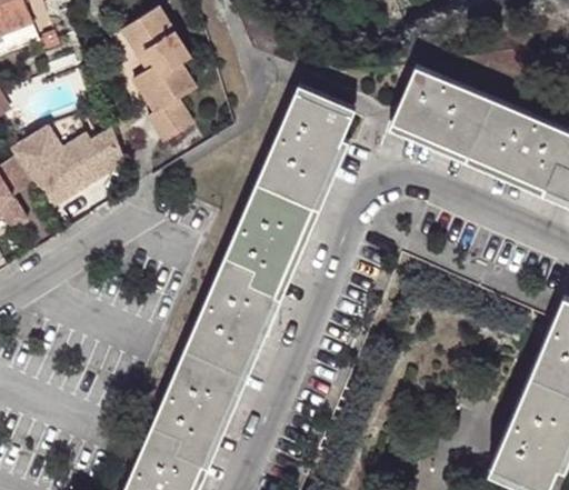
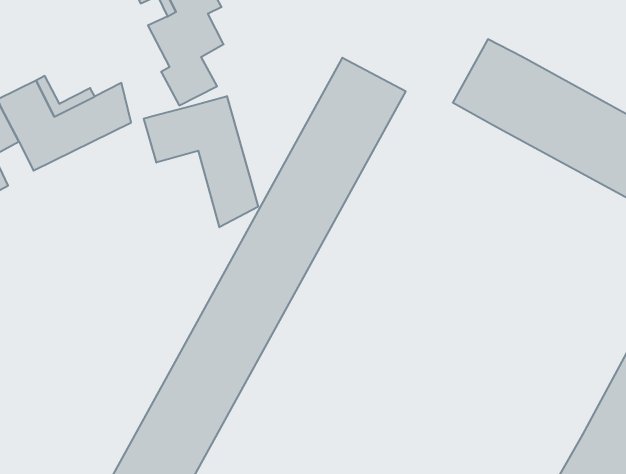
building: none -> [144,96,258,227]

